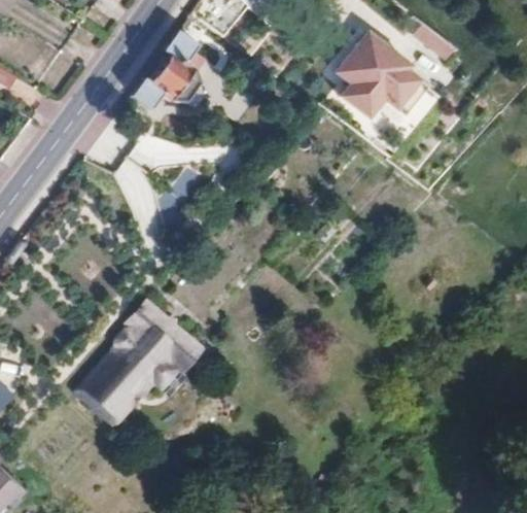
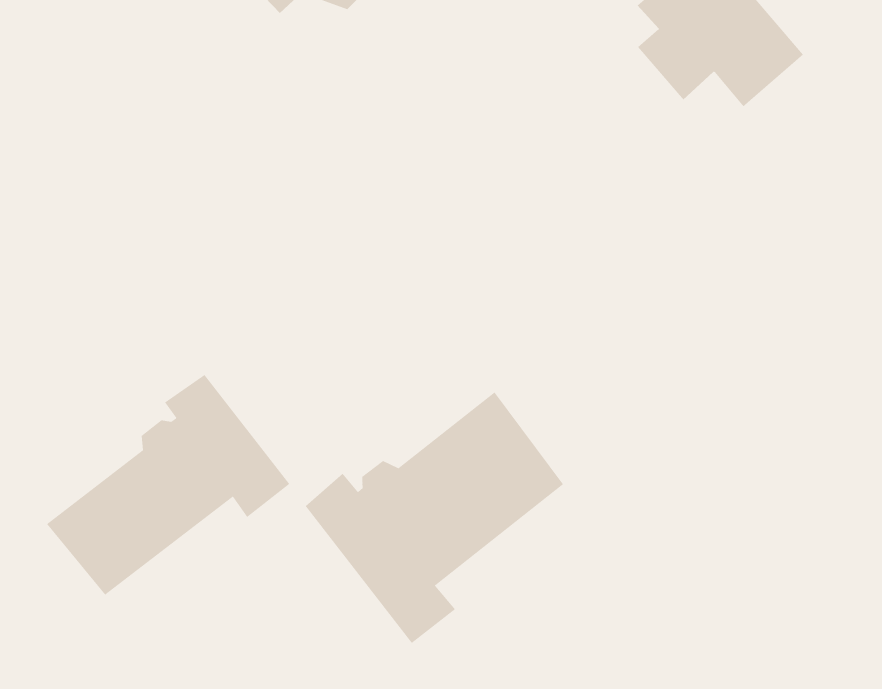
building: none -> [305,391,564,644]

